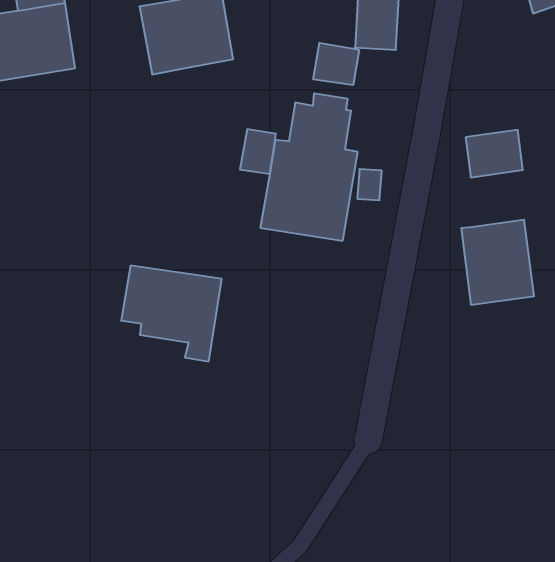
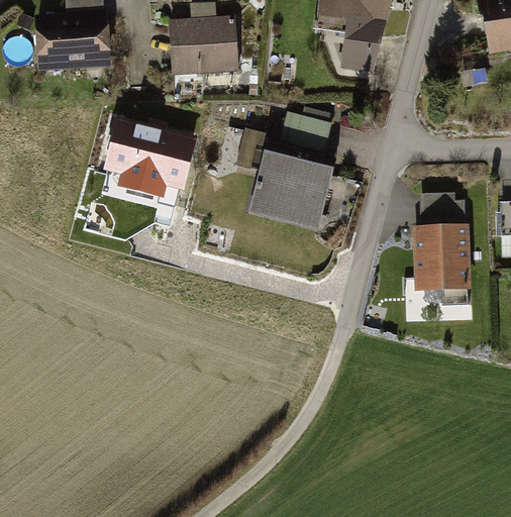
building: [313,43,359,85] -> none
building: [466,130,523,177] -> [421,192,466,227]
building: [121,266,222,361] -> [109,119,195,204]

